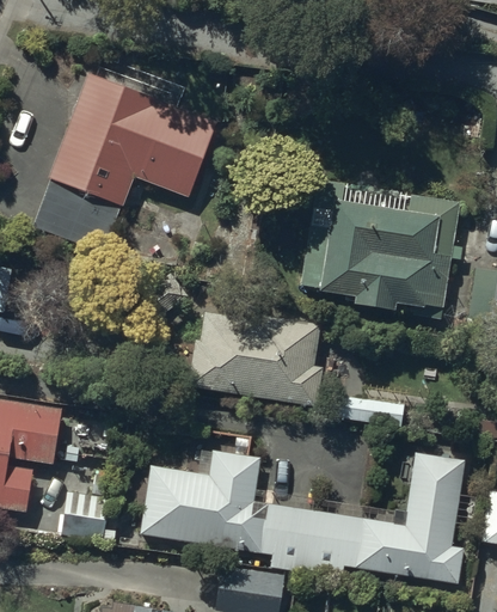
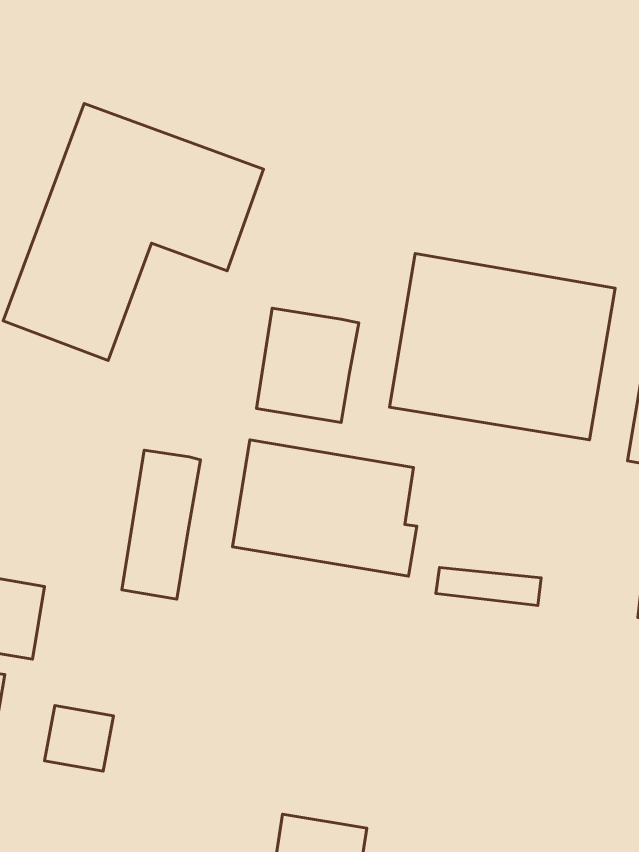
building: none -> [256,308,359,423]
building: none -> [122,450,201,599]
building: [147,453,464,581] -> none

